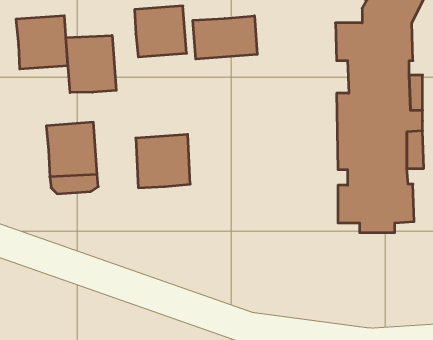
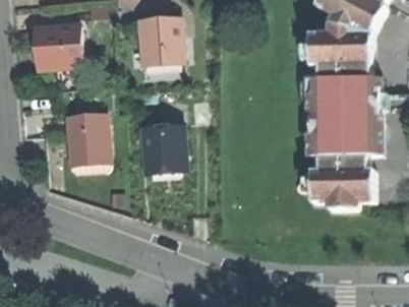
building: [193,16,257,59] -> none
building: [66,35,116,93] -> none

